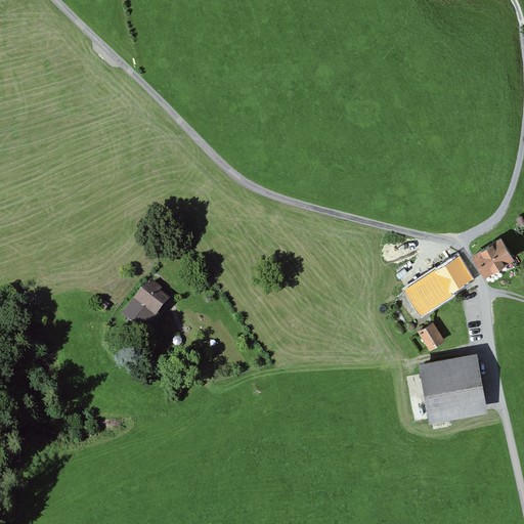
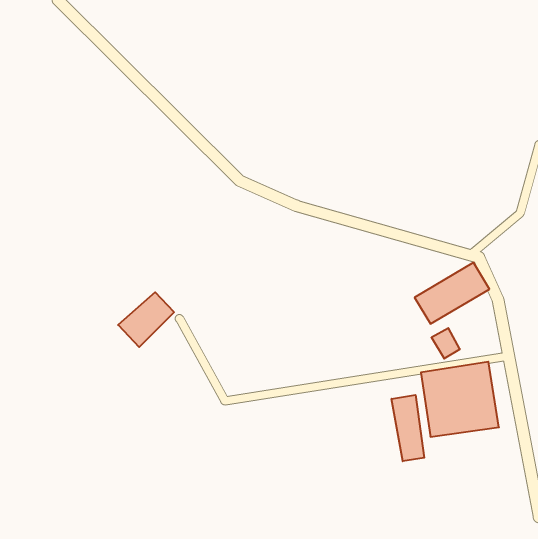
building: [476,237,516,273] -> none
building: none -> [392,395,424,461]

